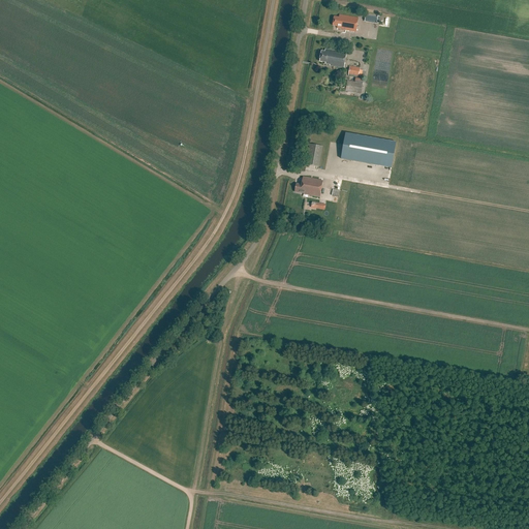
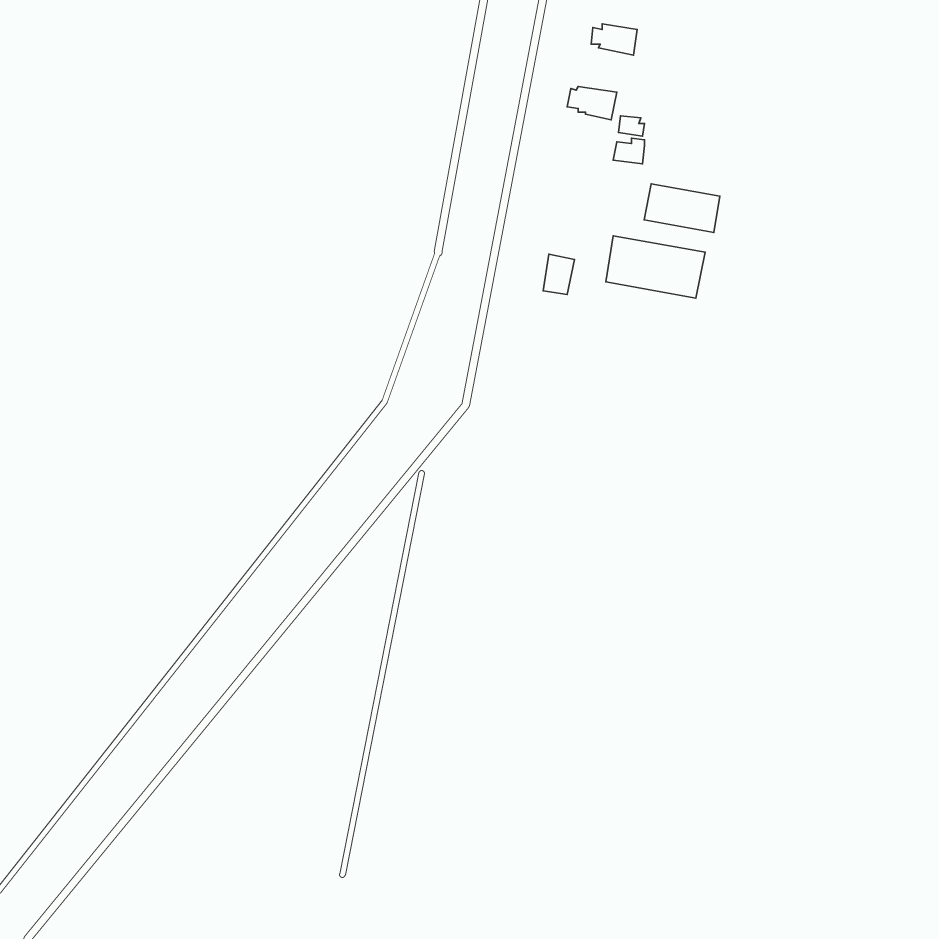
building: none -> [644,184,720,232]
building: [293,176,322,196] -> none

